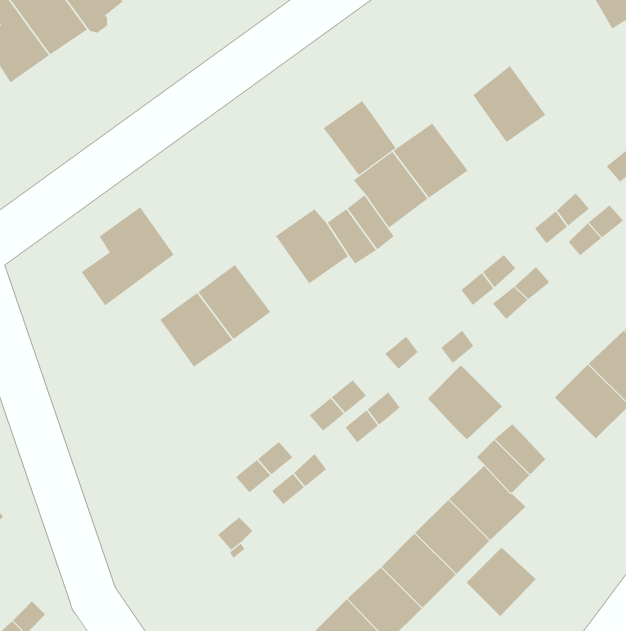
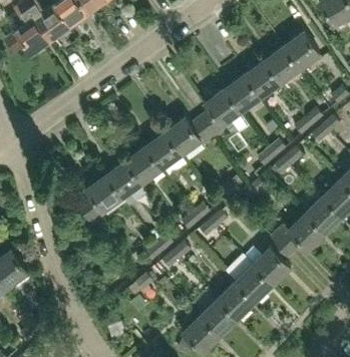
building: none -> [283,31,321,70]
building: [323,100,396,176] -> [244,60,281,98]
building: [81,207,174,306] -> [76,173,123,224]
building: none -> [144,131,182,169]
building: [427,365,503,440] -> [288,213,326,251]
building: [466,547,536,617] -> none

